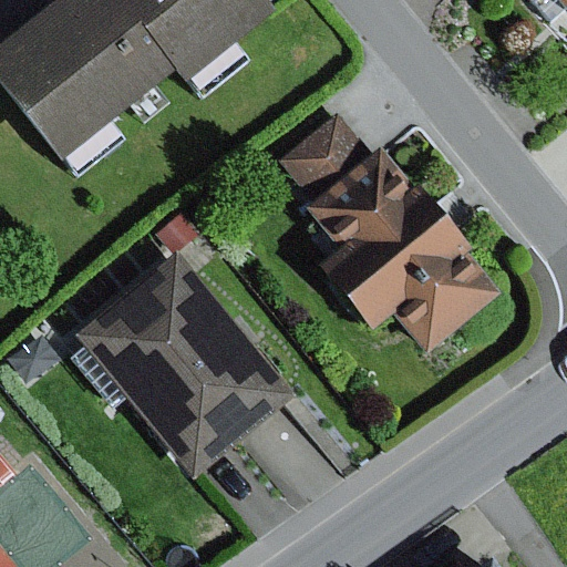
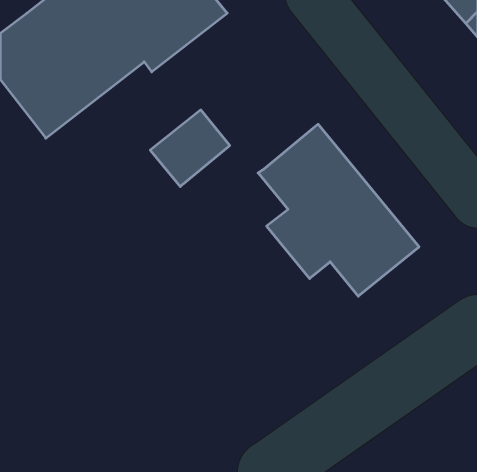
building: [278,110,372,200] -> [150,110,230,187]
building: [73,250,292,477] -> none

